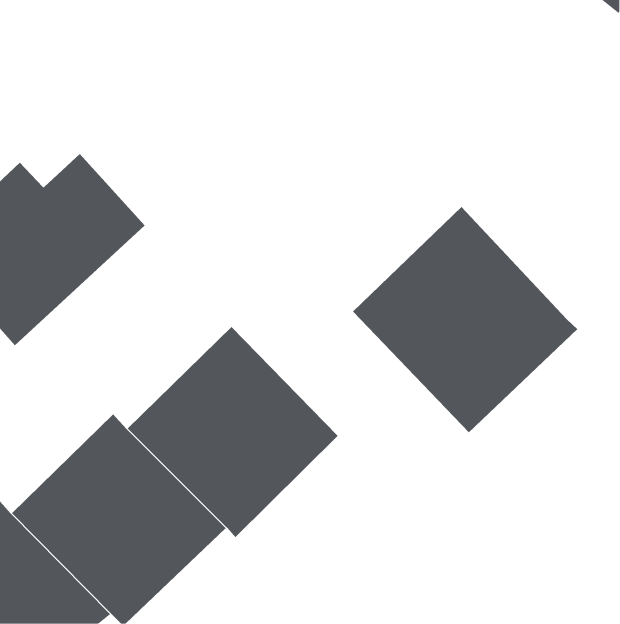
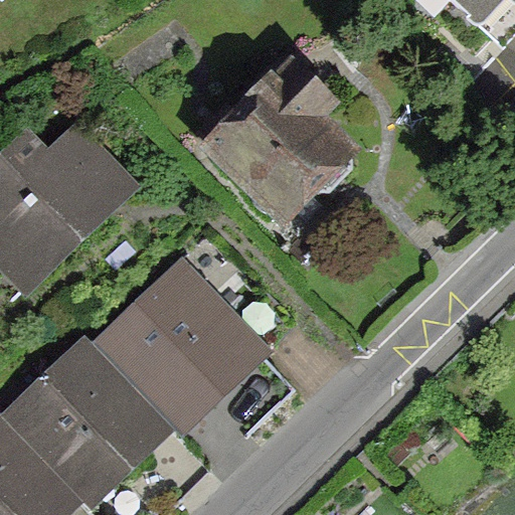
building: none -> [202,61,337,212]
building: [352,206,578,433] -> none

